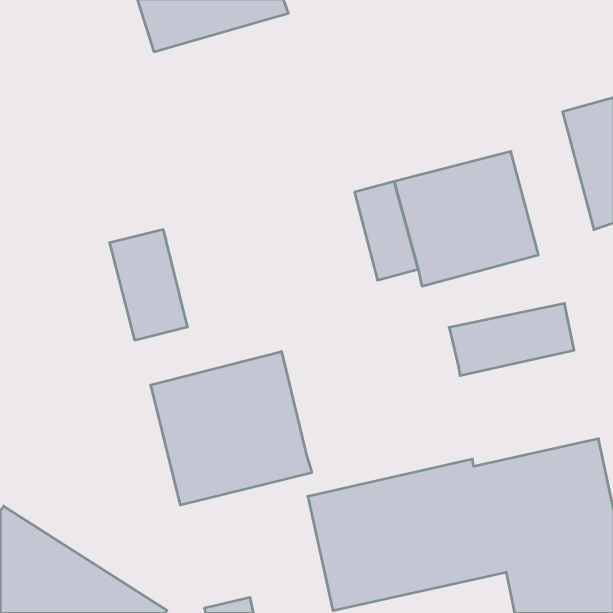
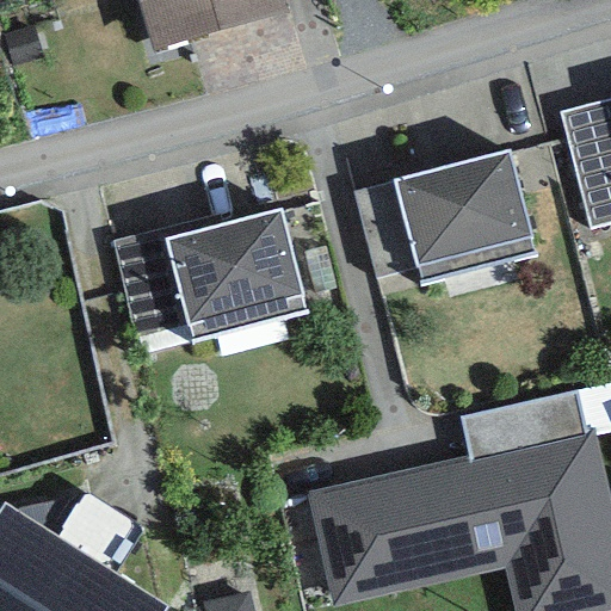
building: none -> [166,208,308,341]
building: [449,303,574,376] -> [461,391,585,463]
building: [151,351,312,505] -> none

